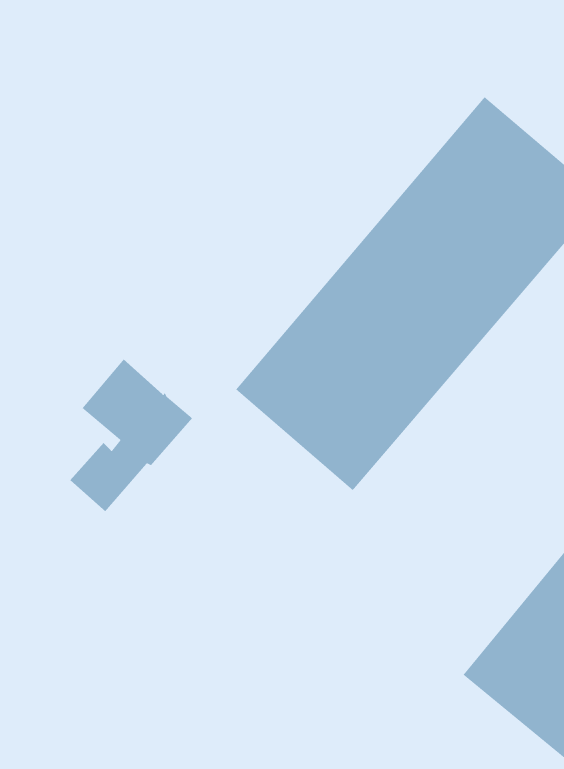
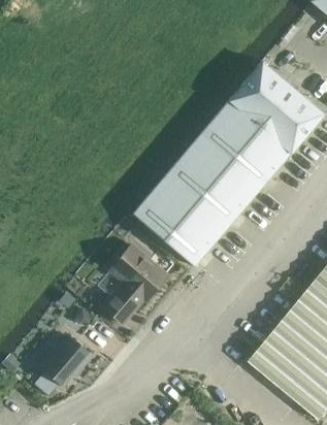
building: [69,358,193,512] -> [103,244,167,324]
building: none -> [38,336,90,386]

